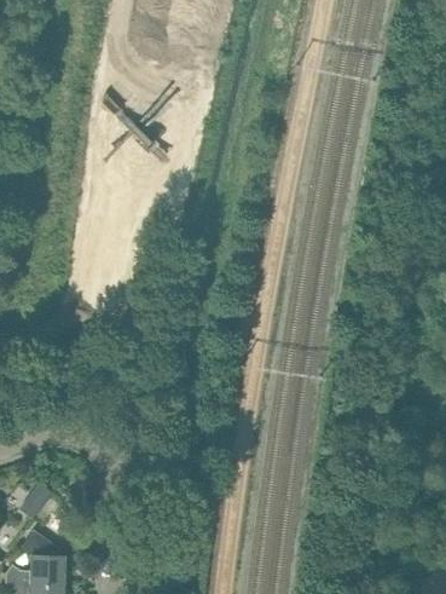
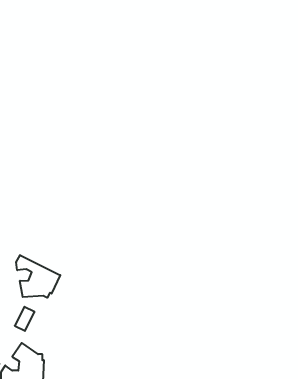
building: none -> [16,255,60,298]

